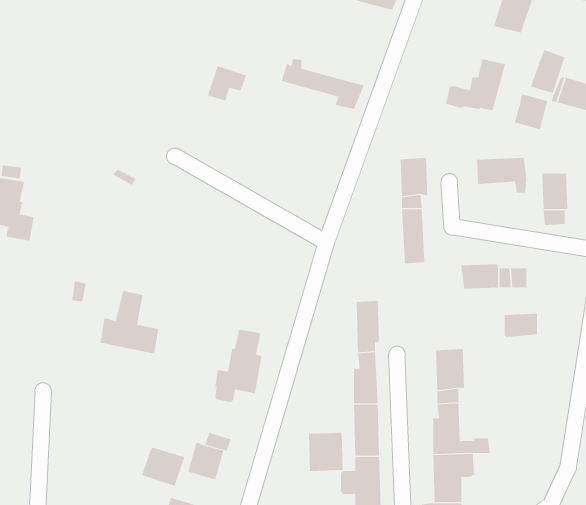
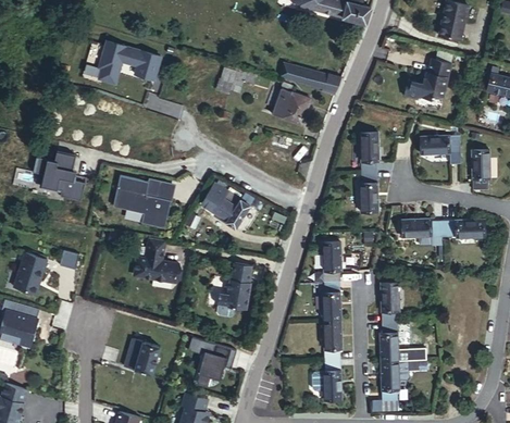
building: none -> [78,37,159,83]
building: [530,49,565,94] -> none
building: [514,93,548,130] -> none
building: none -> [269,92,299,126]
building: none -> [109,173,171,226]
building: none -> [204,187,245,231]
building: [504,313,538,337] -> [458,217,484,236]
building: [309,432,343,472] -> none
building: [141,447,185,487] -> [127,343,161,373]

